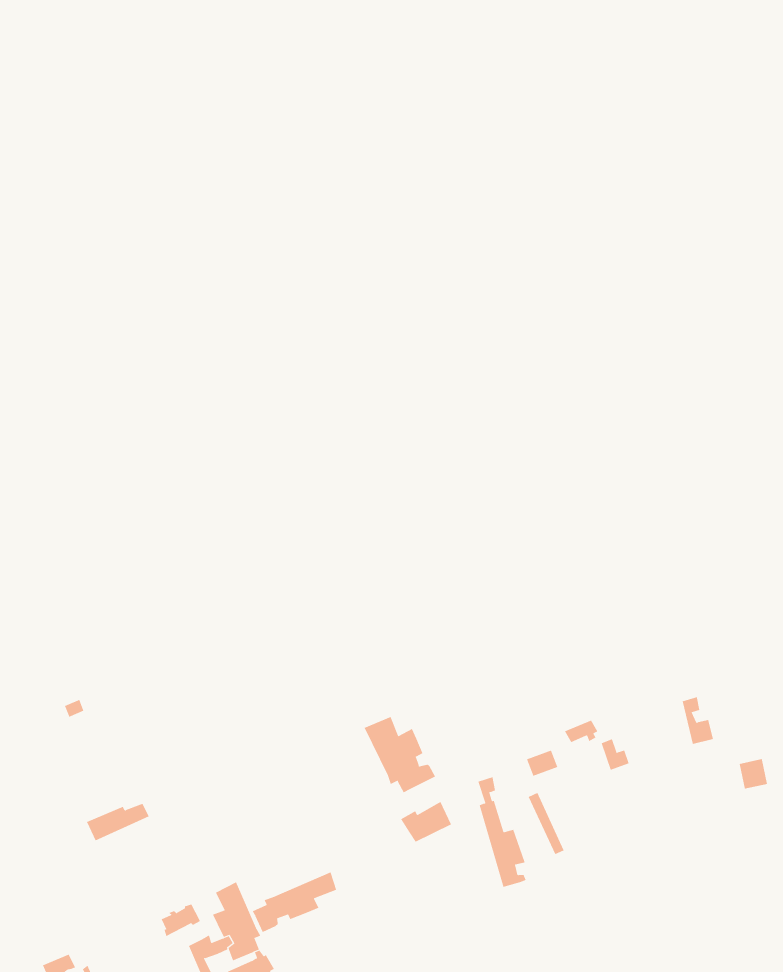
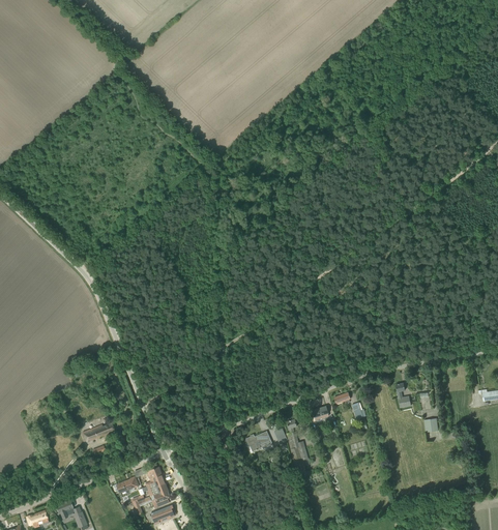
building: [364,716,436,793] -> none
building: [252,871,337,933] -> none

